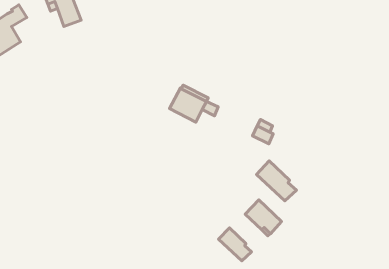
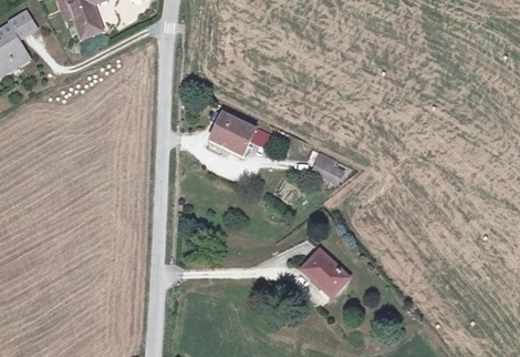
building: [256,161,296,201] -> none
building: [219,228,251,261] -> none

